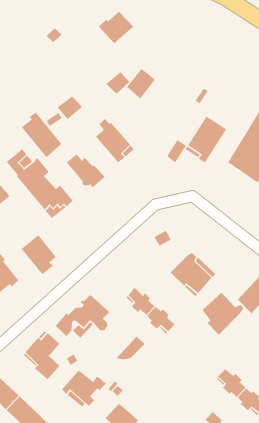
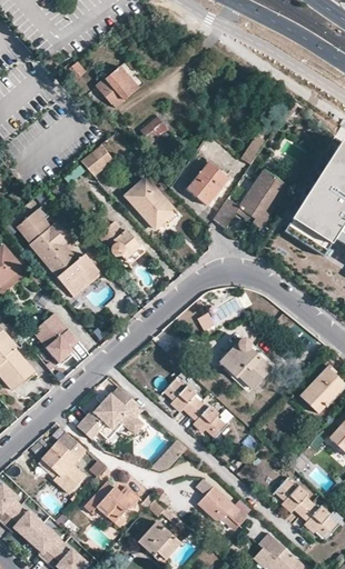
building: [98,11,134,44] -> [95,66,139,107]
building: [126,68,156,100] -> [188,163,225,202]
building: [21,111,62,158] -> none
building: [201,292,244,335] -> none
building: none -> [198,487,239,521]

